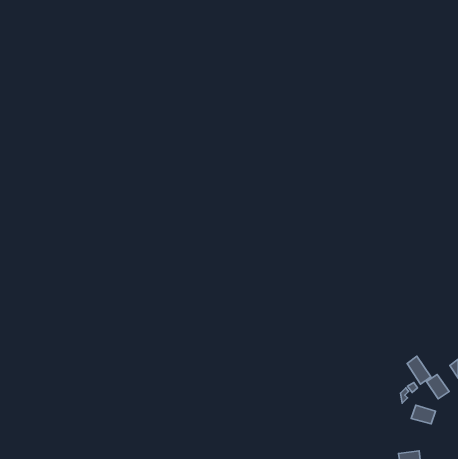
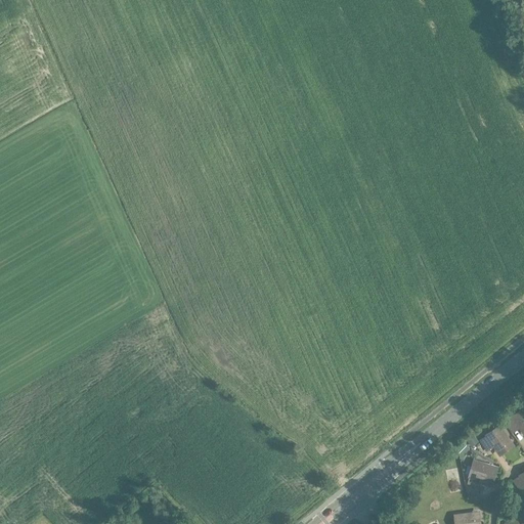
building: [407,356,431,384] -> none

